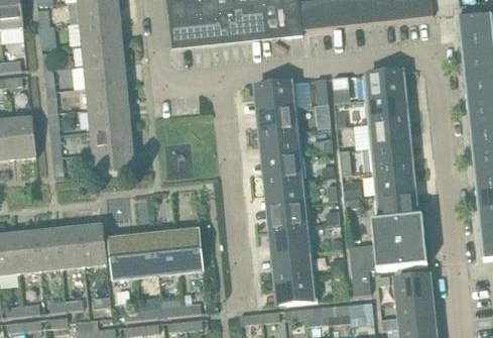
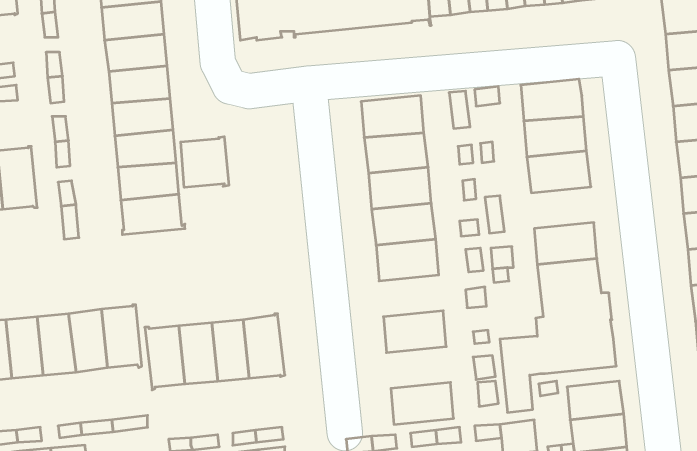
building: none -> [181,137,229,187]
building: [370,143,412,172] -> none
building: [267,203,311,231] -> none
building: [272,251,316,279] -> none

